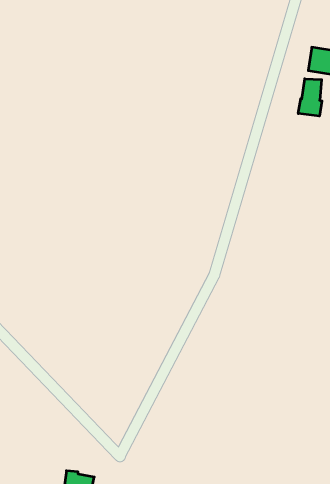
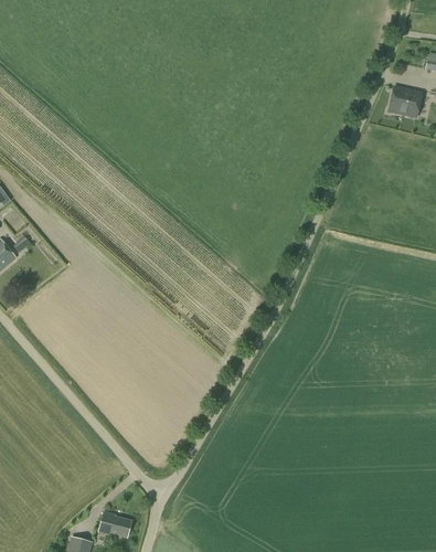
building: [298,79,322,116] -> none

